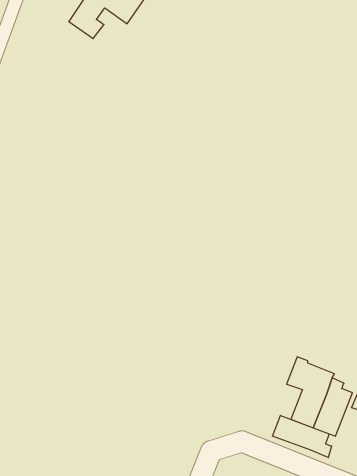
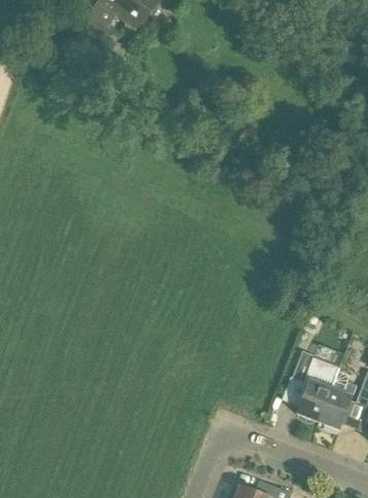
building: [272,415,332,458] -> none

